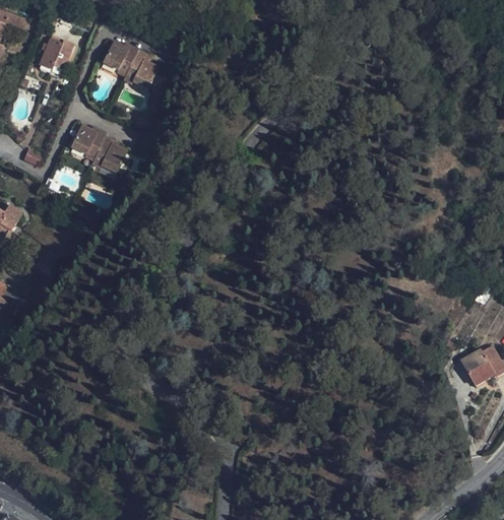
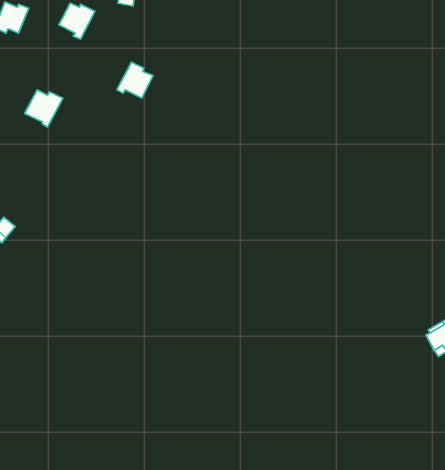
building: [122,51,158,86] -> [117,62,153,98]
building: [90,136,127,173] -> none

